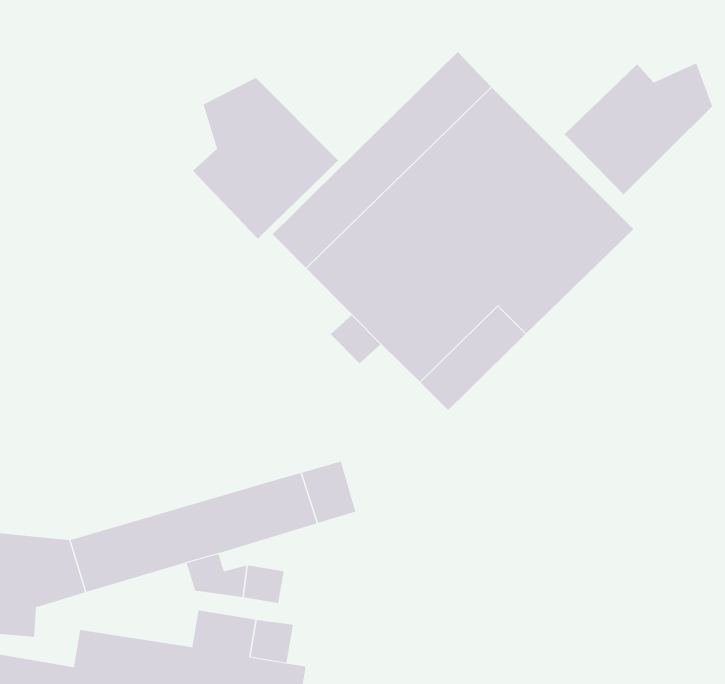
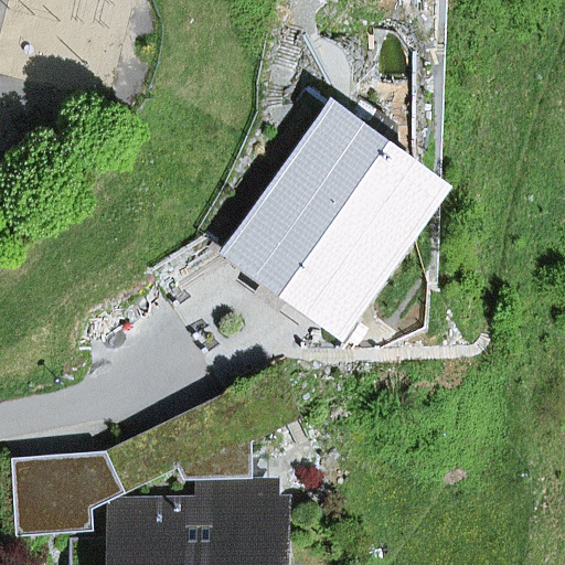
building: [564,63,713,195] -> none
building: [192,77,339,240] -> none

